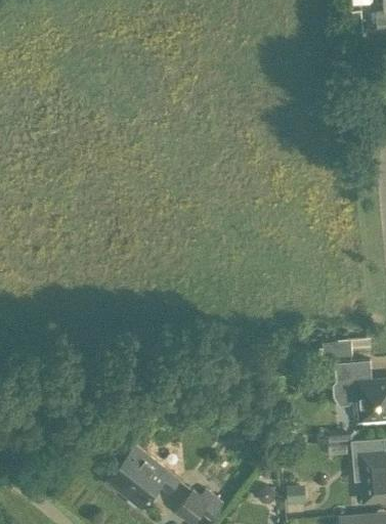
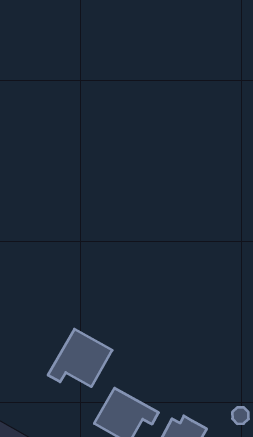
building: none -> [48,329,112,387]

